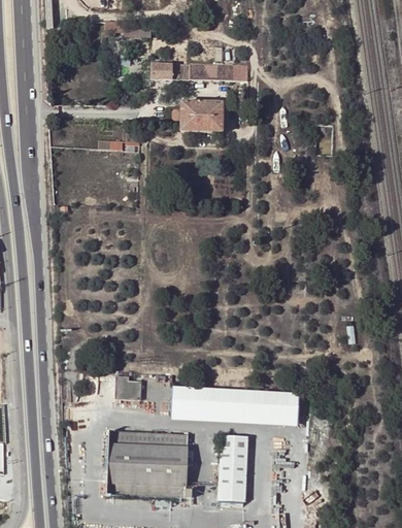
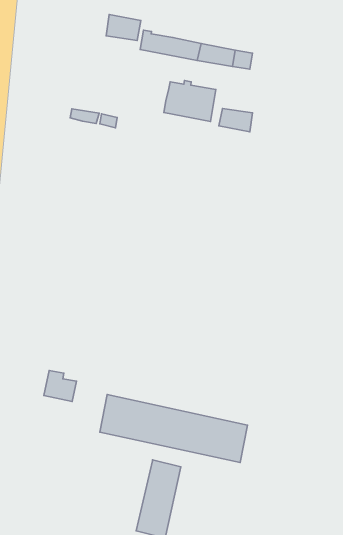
building: none -> [106,15,141,40]
building: none -> [219,108,252,132]
building: [106,431,191,498] -> none

